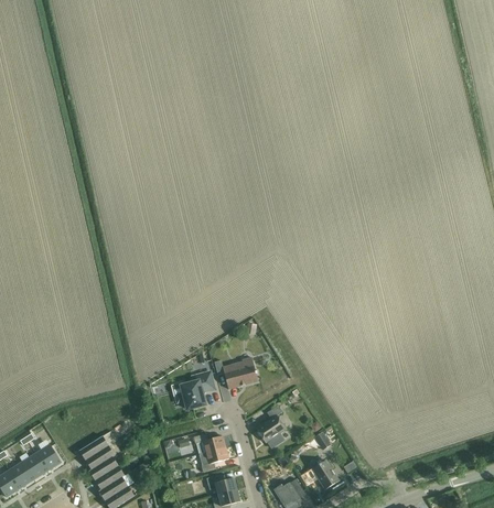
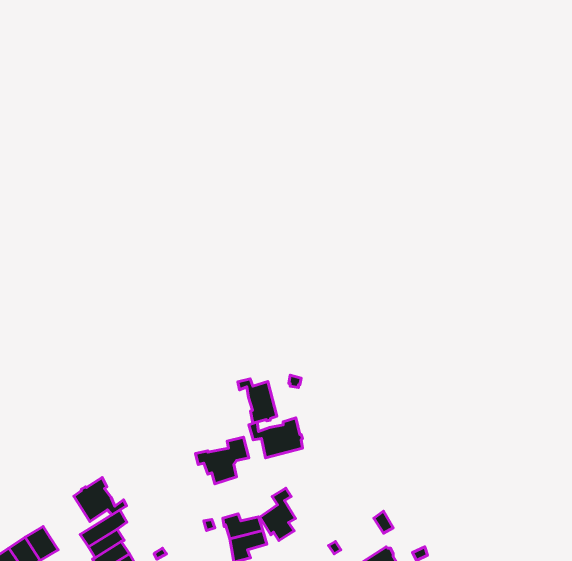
building: none -> [238,379,277,423]
building: none -> [74,477,126,522]
building: [257,406,286,447] -> [260,488,295,540]

